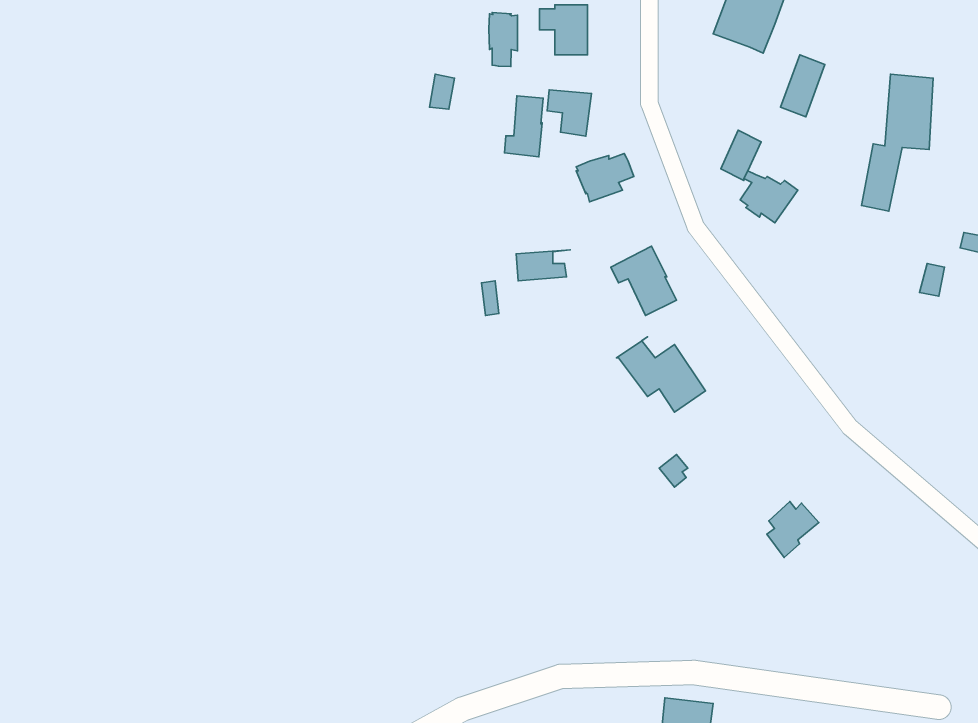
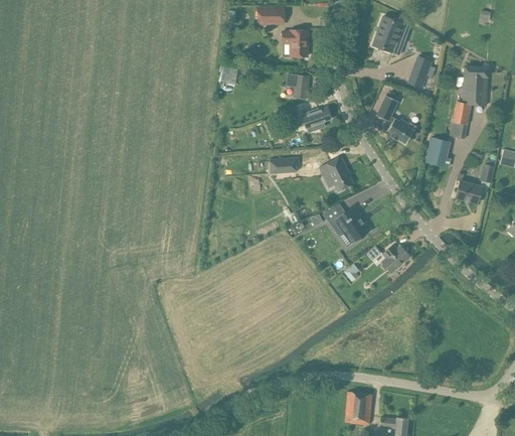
building: [489,12,518,66] -> none
building: [504,96,543,157] -> none
building: none -> [425,138,450,167]
building: none -> [455,181,481,203]
building: [767,501,819,557] -> [381,245,408,274]

